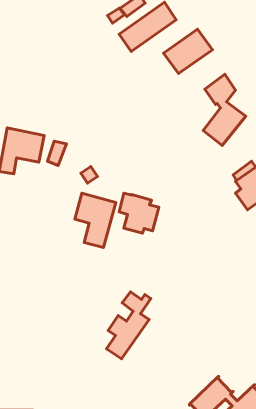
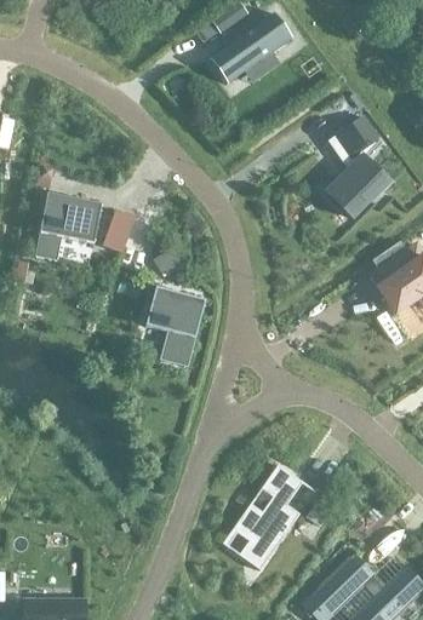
building: [164,29,213,74] -> none
building: [119,193,159,233] -> none
building: [106,292,151,359] -> [236,473,301,570]

